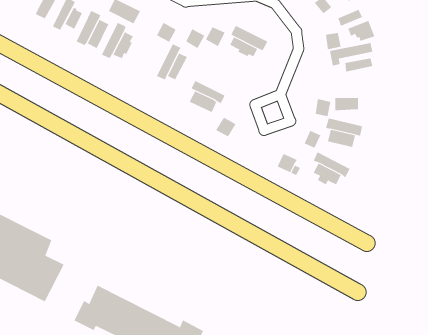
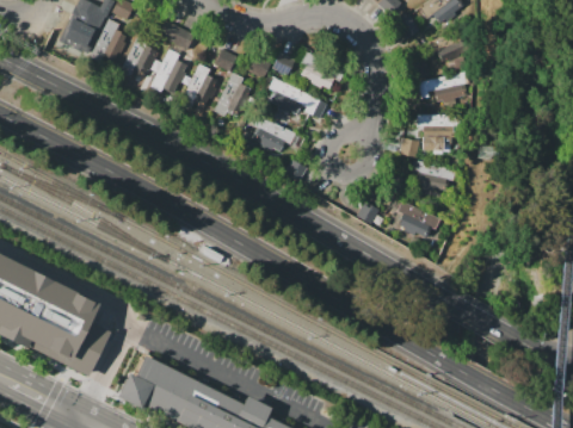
building: none -> [180,63,217,111]
building: none -> [267,77,326,118]
building: none -> [417,113,451,135]

